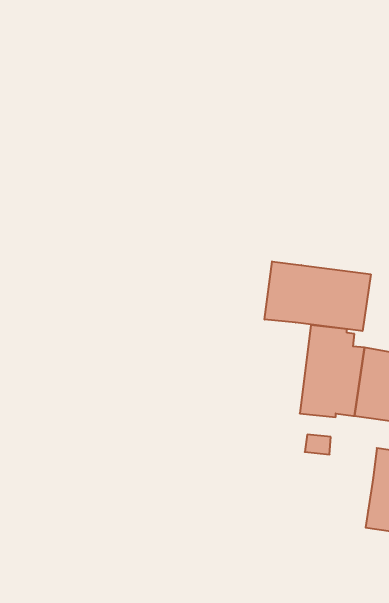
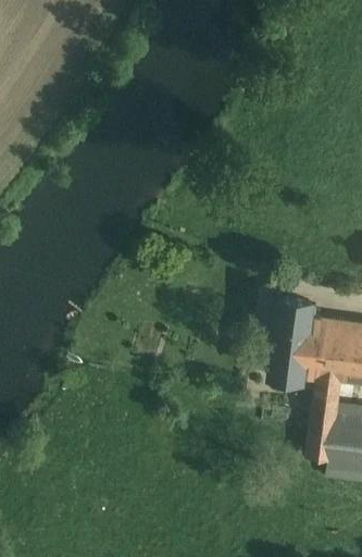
building: [265,261,371,331] -> none
building: none -> [307,379,340,461]

